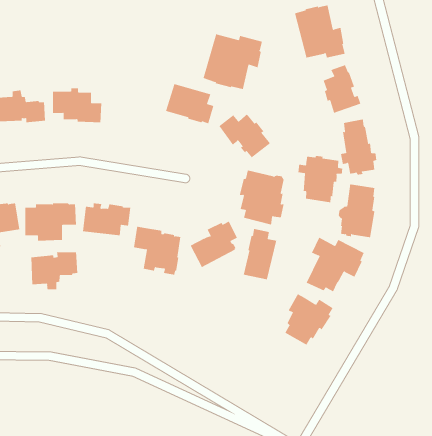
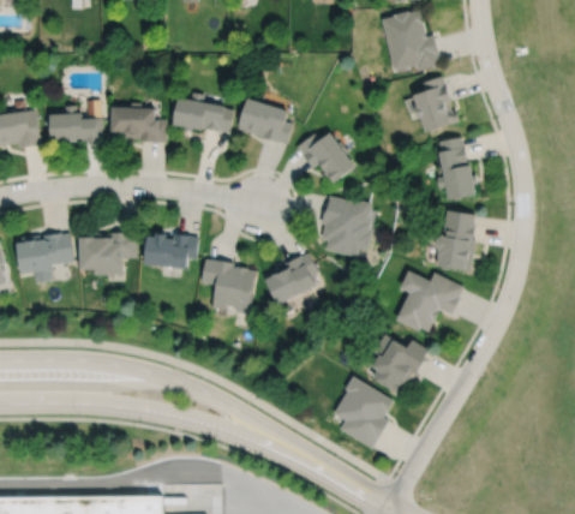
building: [203,34,262,90] -> none
building: none -> [173,92,234,132]
building: [298,155,343,203] -> none
building: [243,228,277,280] -> none
building: [31,251,78,290] -> none
building: none -> [335,377,395,450]

